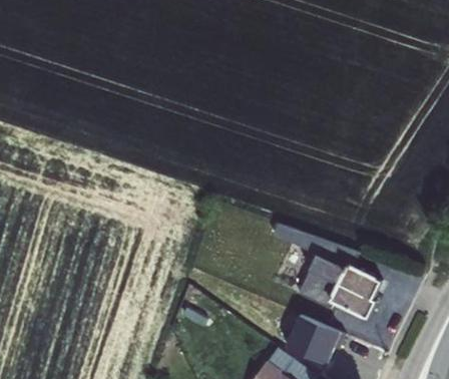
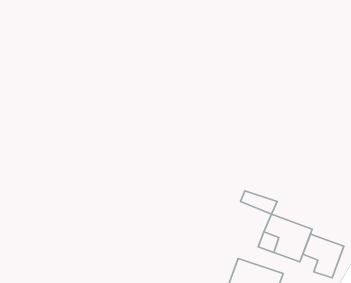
building: none -> [303,234,344,278]

